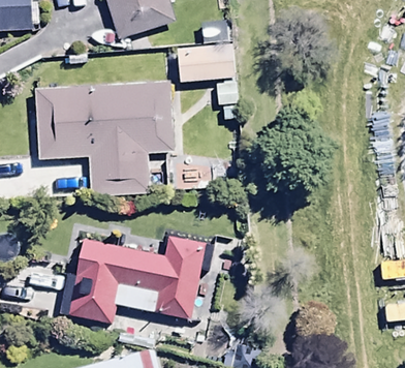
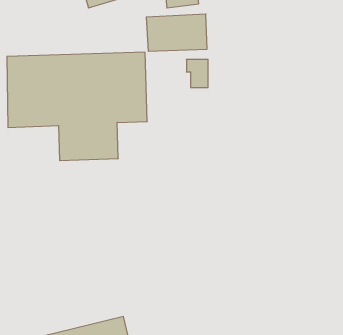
building: [60,236,203,323] -> none

